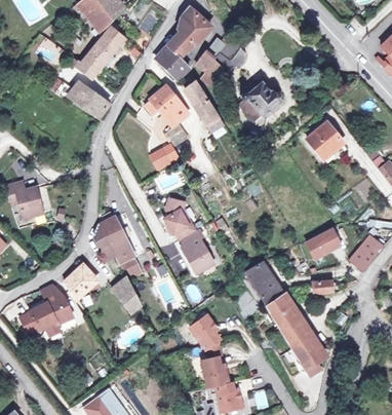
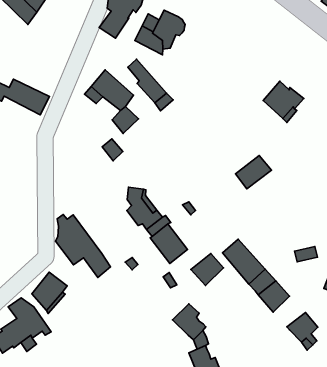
building: [75,25,125,78] -> none
building: [155,45,189,78] -> none
building: [238,80,281,121] -> none
building: [307,228,341,257] -> [236,156,272,189]
building: none -> [191,253,224,286]
building: [114,277,142,311] -> none
building: [284,323,314,350] -> none

